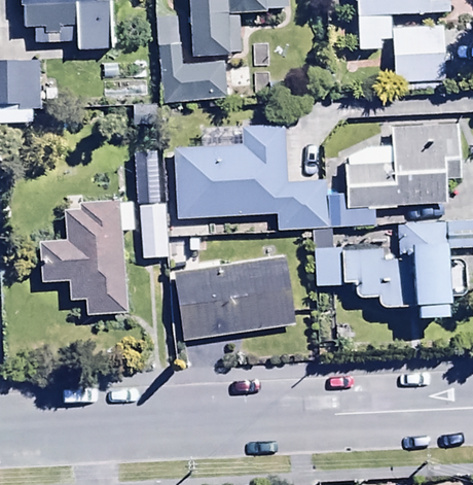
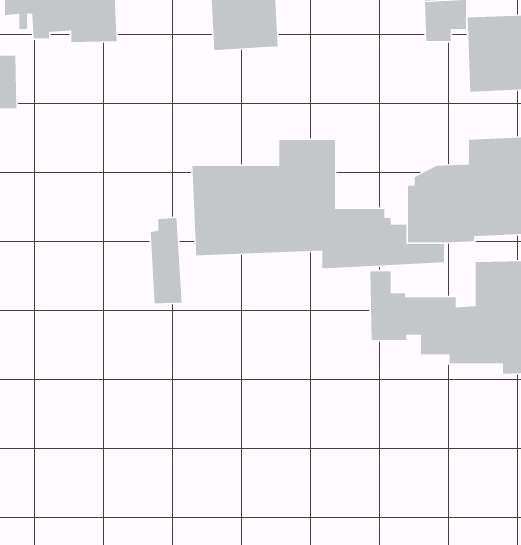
building: [157,42,228,104] -> none
building: [40,197,133,314] -> none
building: [175,253,295,339] -> none

